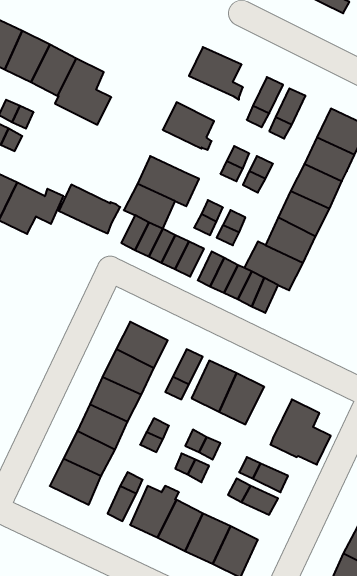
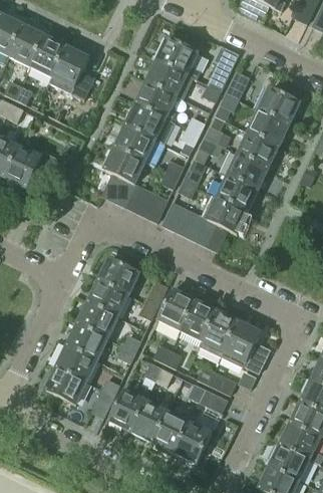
building: none -> [146,61,192,99]
building: [59,185,120,233] -> [125,104,175,144]
building: none -> [200,310,239,356]

